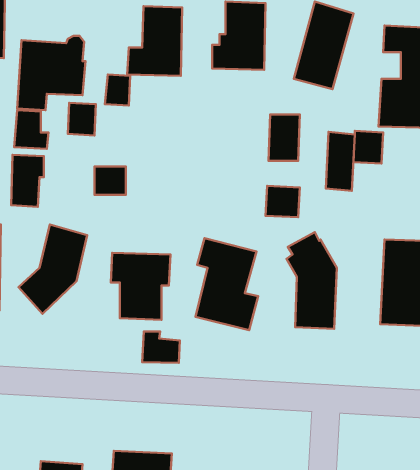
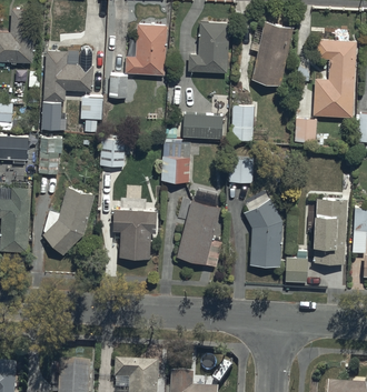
building: none -> [182,114,222,137]
building: [326,132,355,191] -> none
building: none -> [161,142,190,181]
building: none -> [284,257,307,281]
building: [142,331,180,363] -> none

